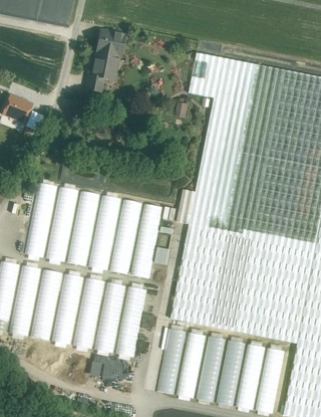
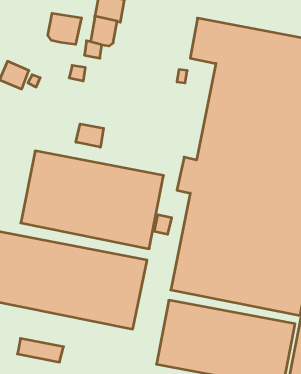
building: none -> [48,13,82,44]
building: none -> [76,124,104,147]
building: [89,357,134,380] -> [17,338,64,362]

